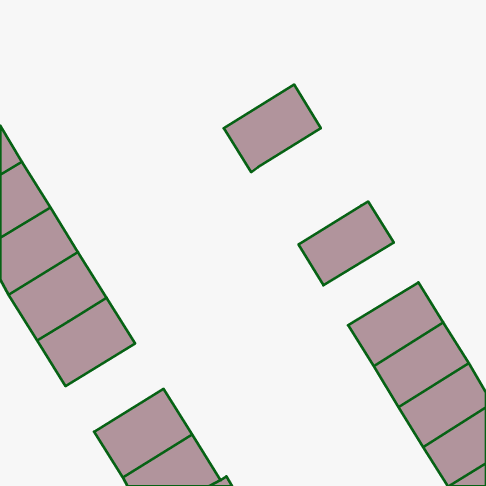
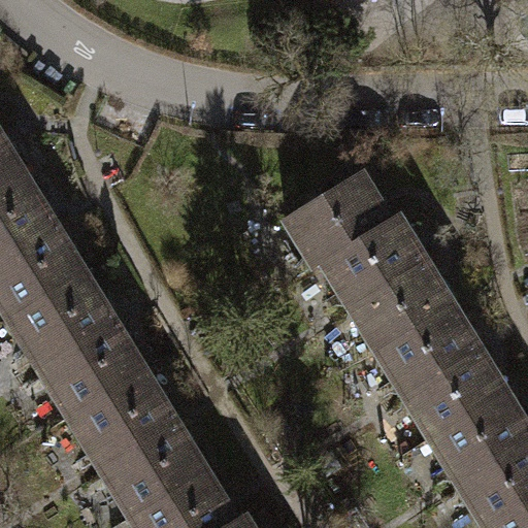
building: [224,85,321,172] -> [287,175,392,270]
building: none -> [351,263,454,353]
building: none -> [71,372,177,468]

